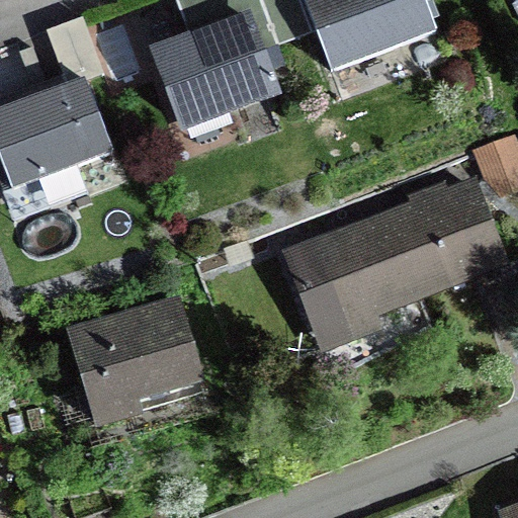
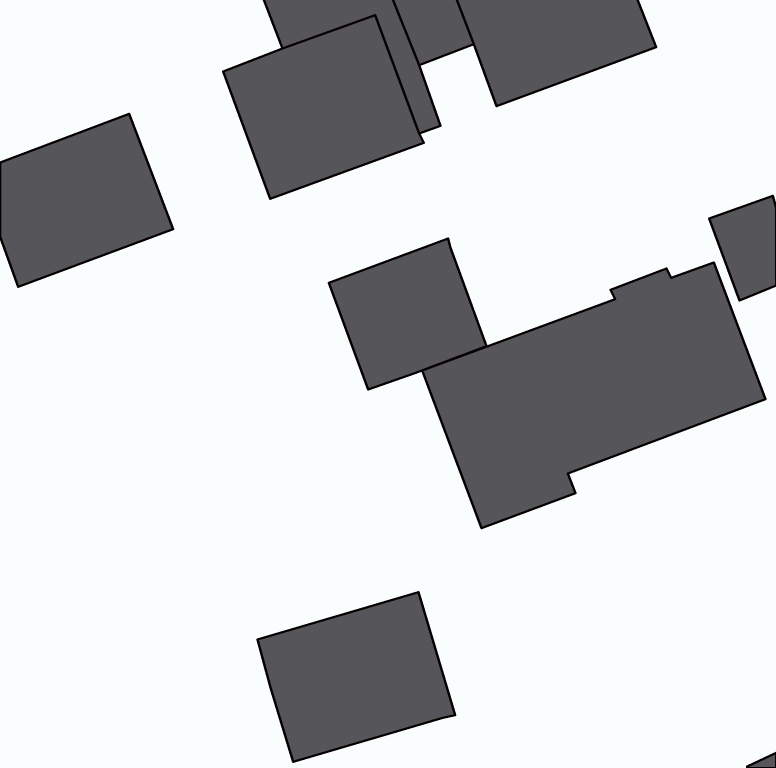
building: none -> [329,238,487,390]
building: [66,294,204,430] -> none
building: none -> [257,592,455,762]

